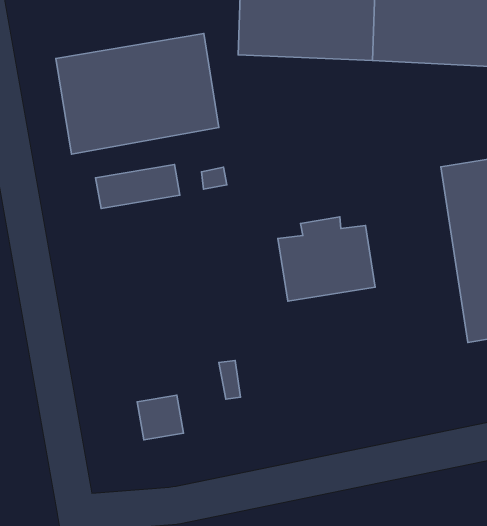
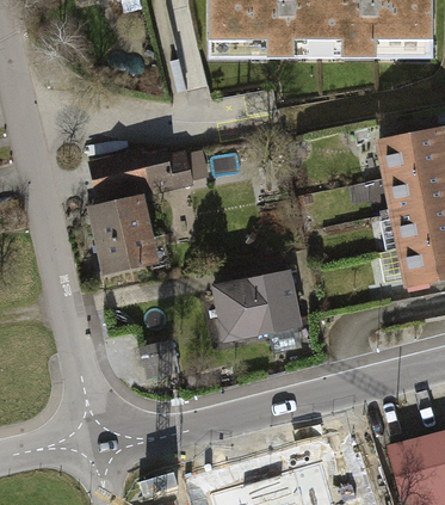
building: [56,34,219,154] -> none
building: [278,217,375,301] -> [220,265,302,337]
building: none -> [94,197,156,272]

